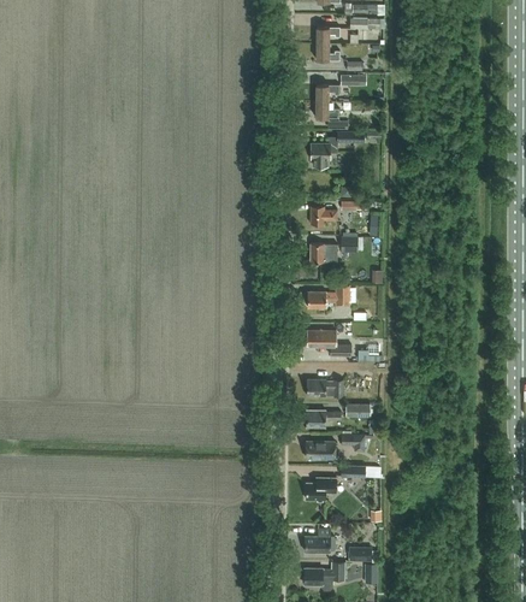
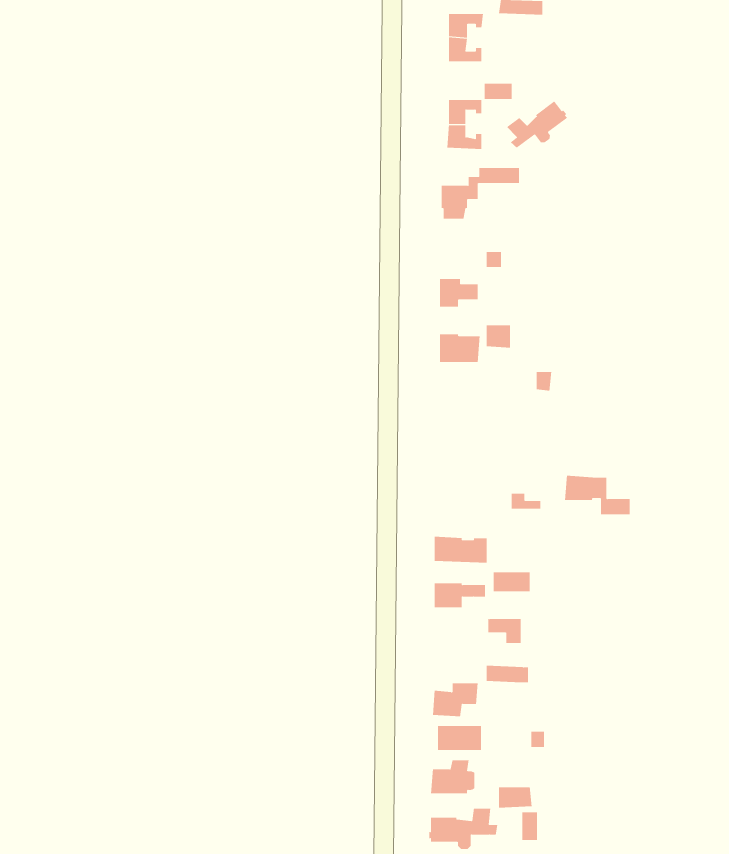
building: none -> [506,101,568,149]
building: [307,284,349,307] -> none
building: [306,329,350,355] -> [564,475,631,515]
building: [305,441,335,458] -> [437,725,482,750]

